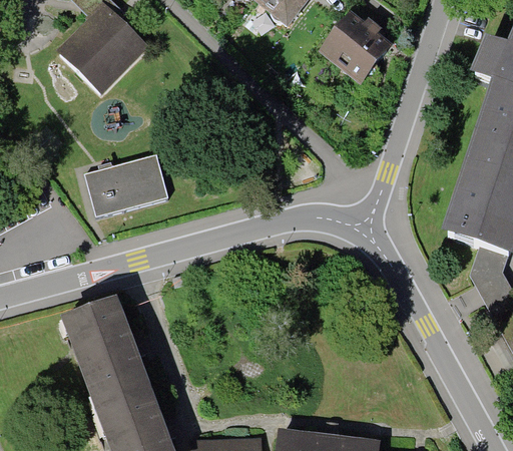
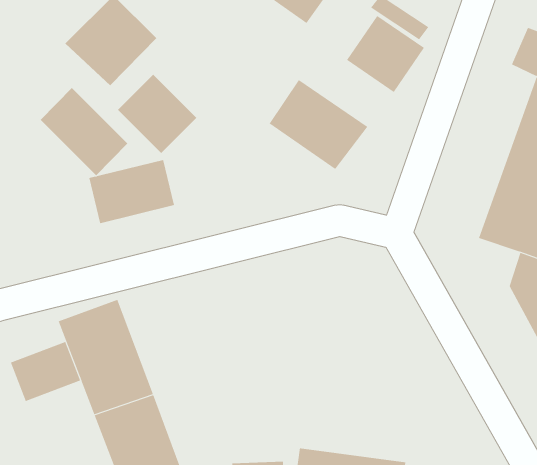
building: none -> [117,74,197,154]
building: none -> [269,79,368,170]
building: none -> [40,87,128,176]
building: none -> [10,341,81,402]

